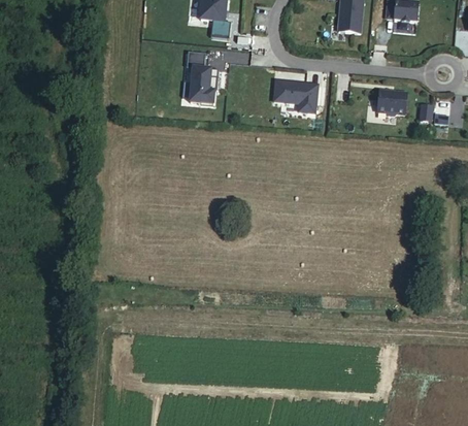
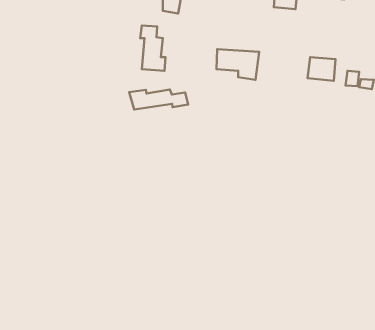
building: none -> [129,90,188,110]

